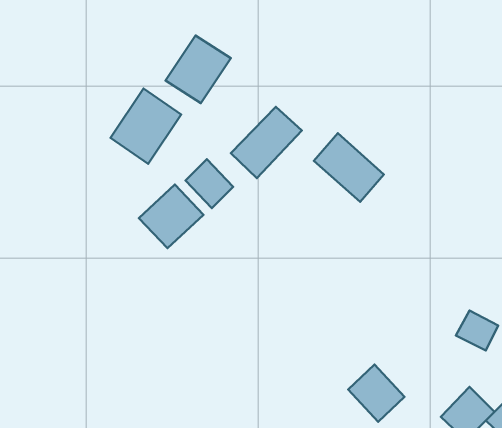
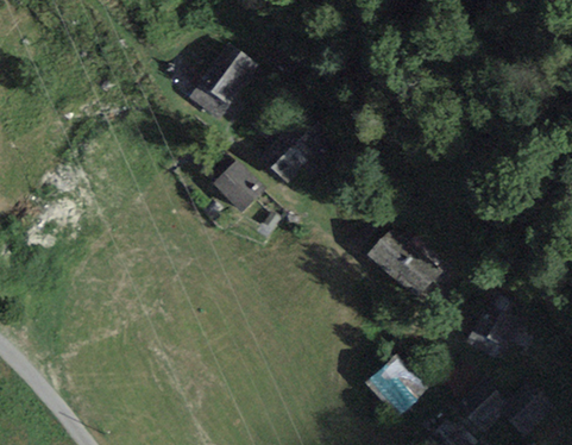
building: [111,88,181,164] -> none
building: [314,133,384,202] -> [370,232,436,297]
building: [139,185,204,248] -> none

